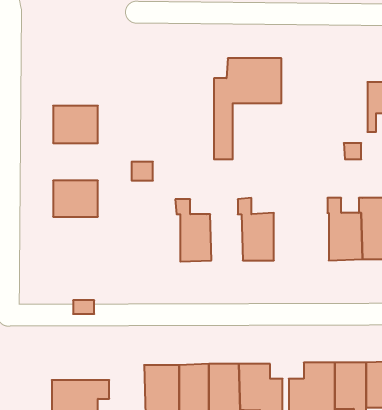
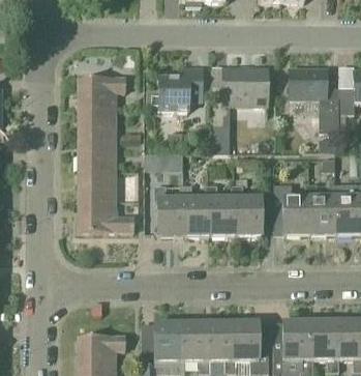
building: none -> [148,68,202,111]
building: none -> [289,68,339,133]
building: none -> [79,77,125,107]
building: none -> [79,138,116,169]
building: none -> [275,183,307,235]
building: none -> [154,184,184,236]
building: none -> [206,184,236,235]
building: none -> [79,199,134,231]

